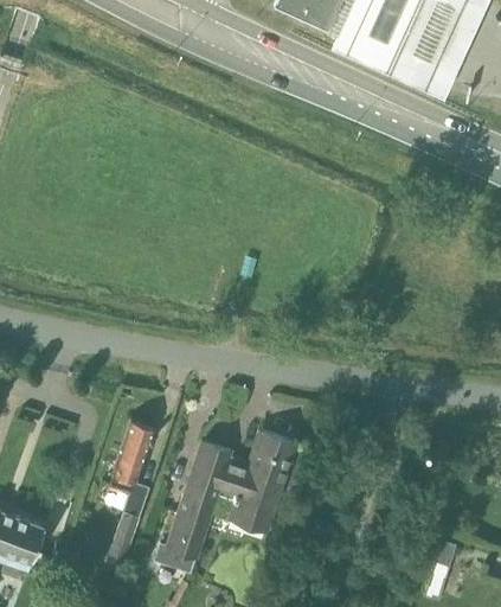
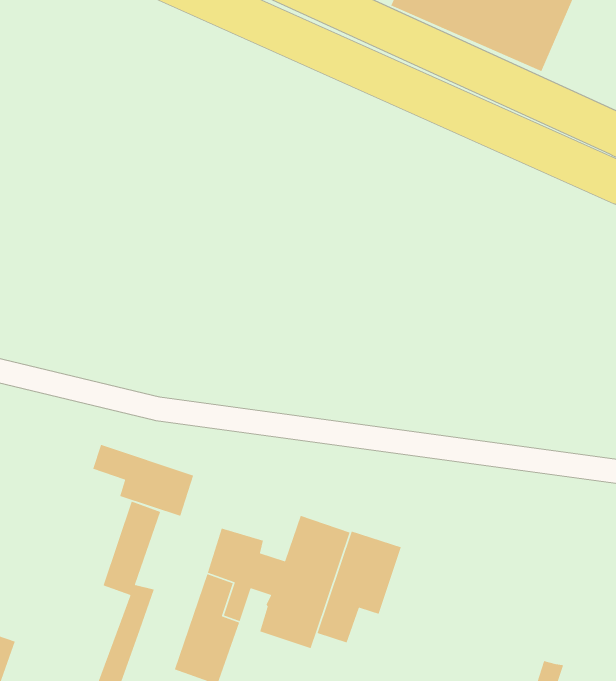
building: none -> [92,444,194,517]
building: none -> [317,530,402,644]

